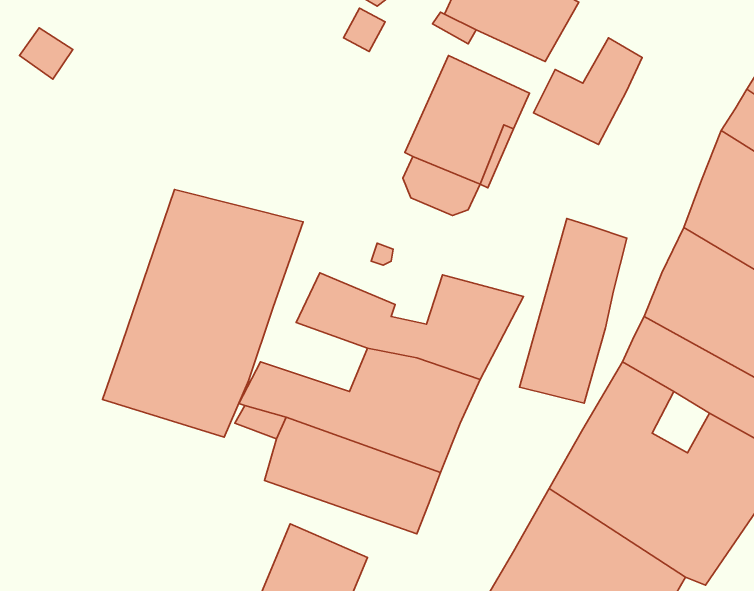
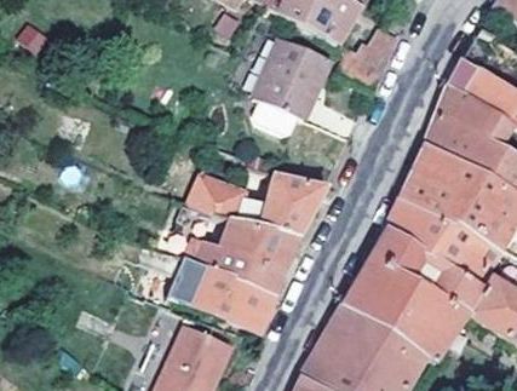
building: [103,190,303,437] -> none
building: [519,219,627,403] -> none

